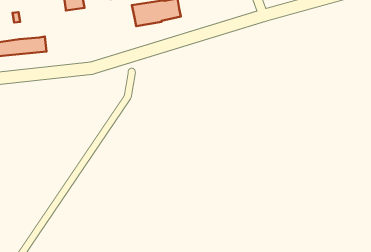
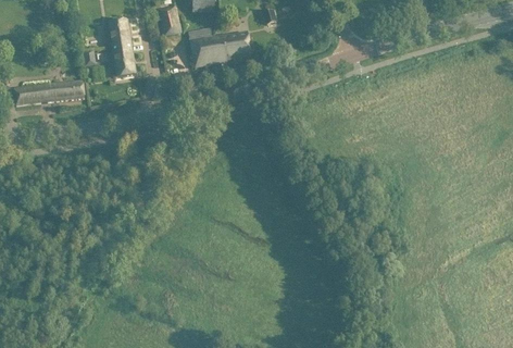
building: none -> [109,42,136,75]

